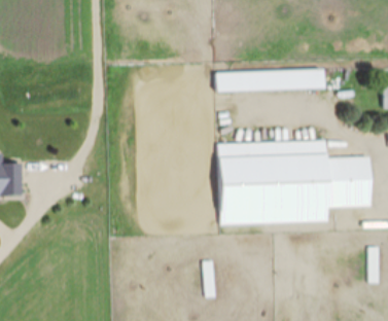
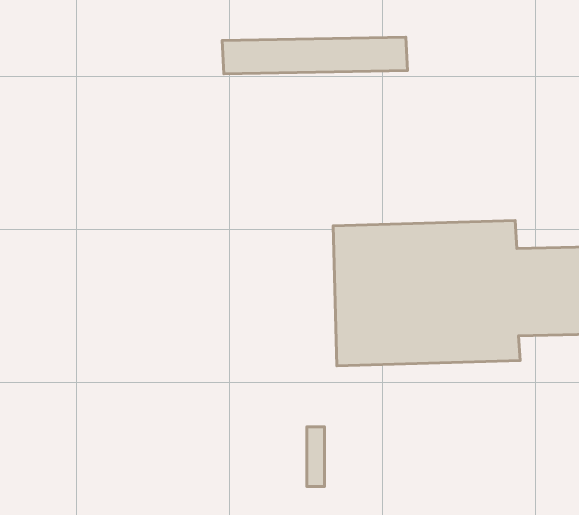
building: [216,69,325,91] -> [222,37,407,74]

